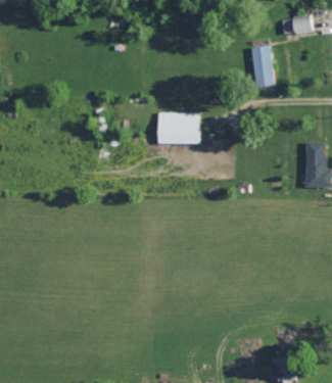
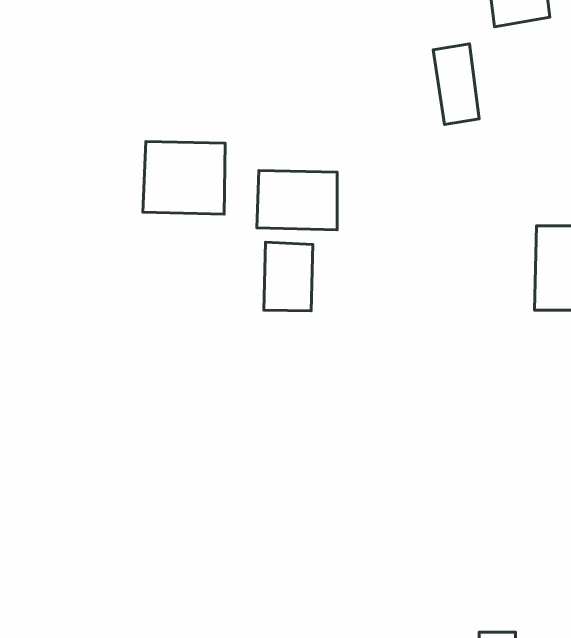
building: none -> [143,141,225,214]
building: none -> [264,242,313,311]

